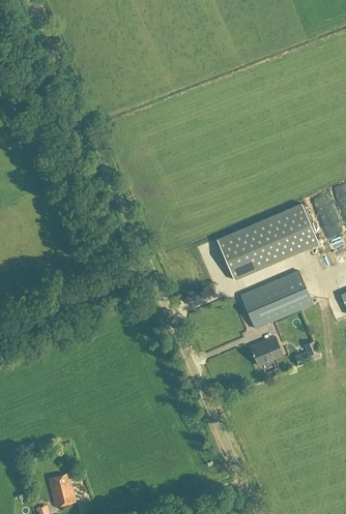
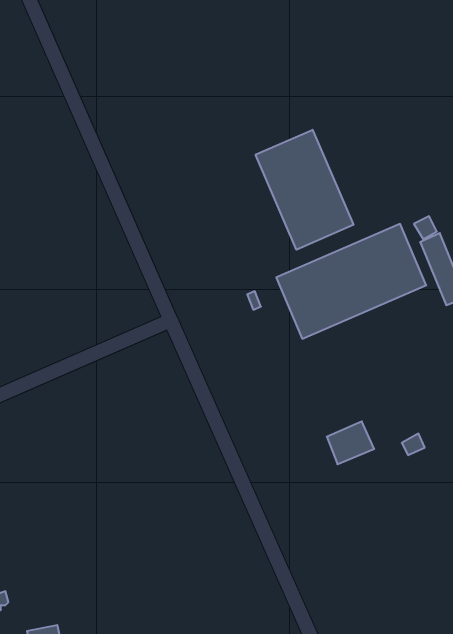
building: none -> [256,130,353,250]
building: [240,270,313,328] -> none

